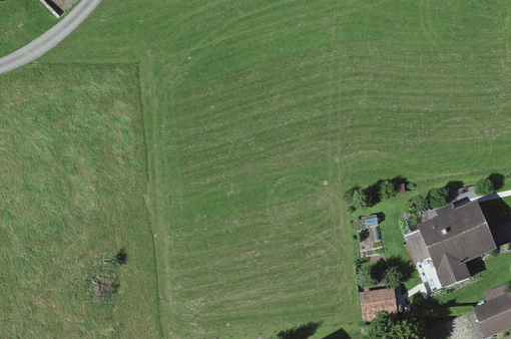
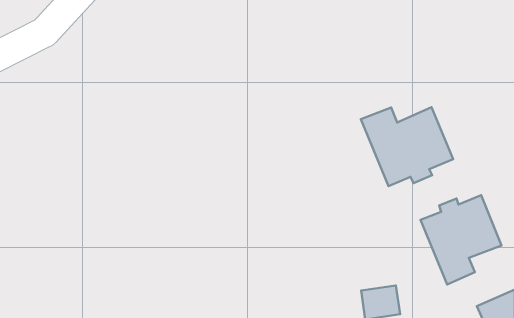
building: none -> [361,107,453,186]

